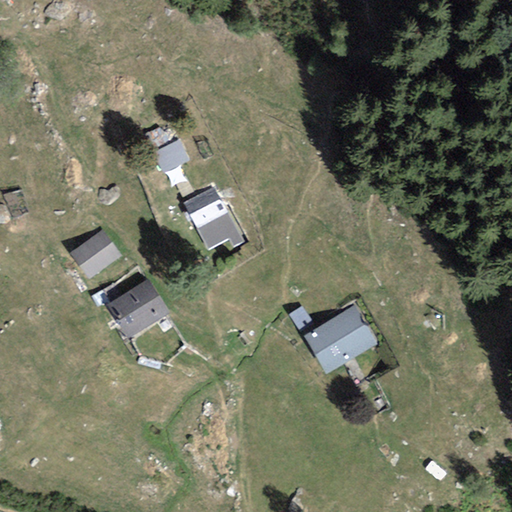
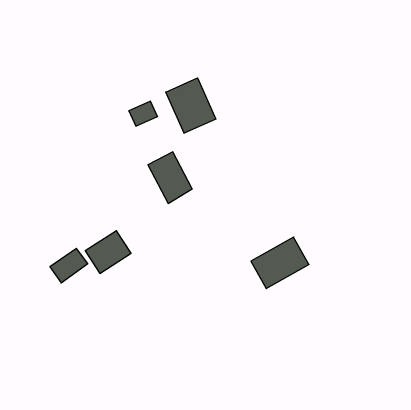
building: none -> [166,78,216,133]
building: [74,232,121,275] -> [50,248,88,283]

